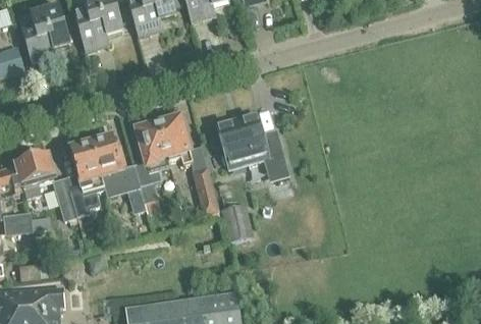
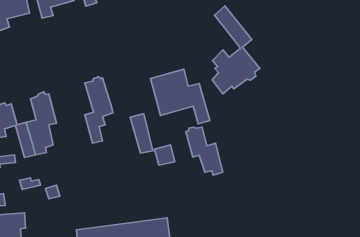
building: none -> [212,6,260,94]
building: [158,117,193,164] -> none
building: [93,136,147,212] -> none
building: none -> [186,127,223,175]

